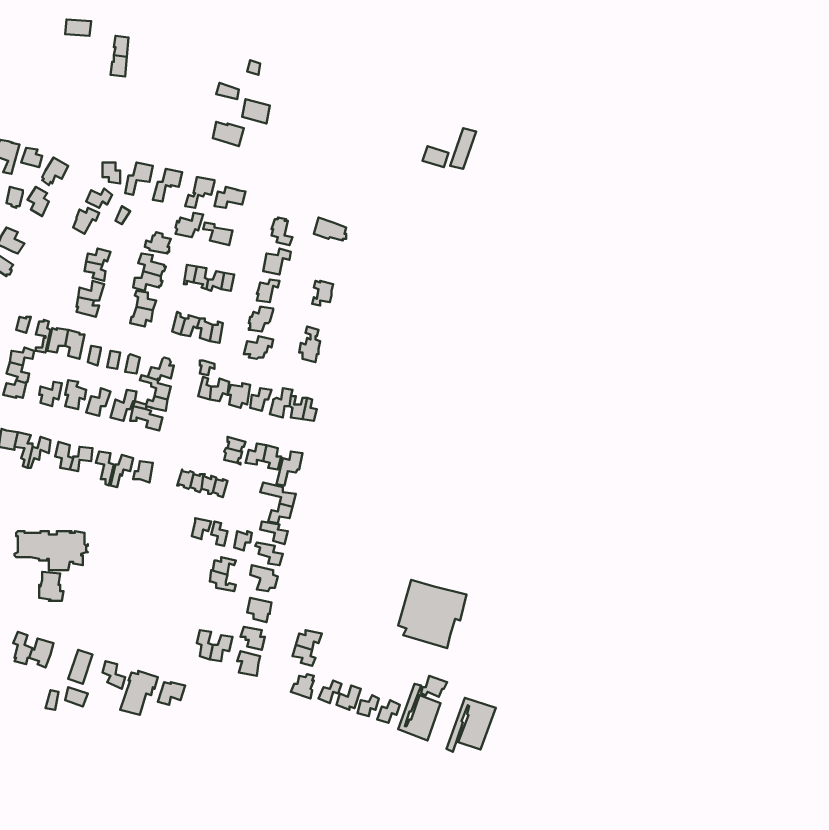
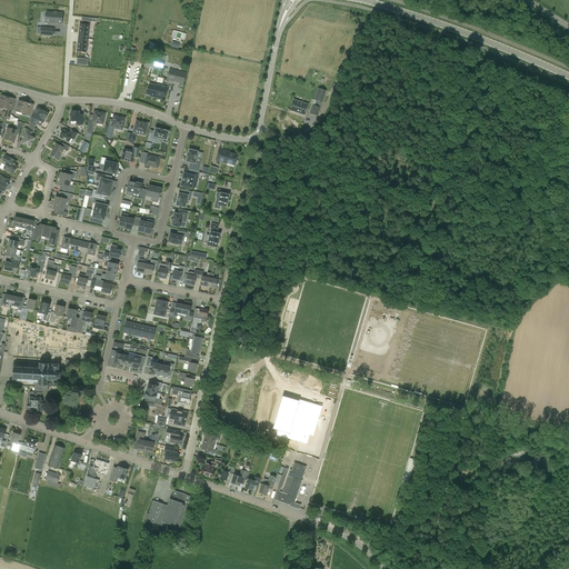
building: [447,698,496,752] -> none
building: none -> [144,490,190,531]

